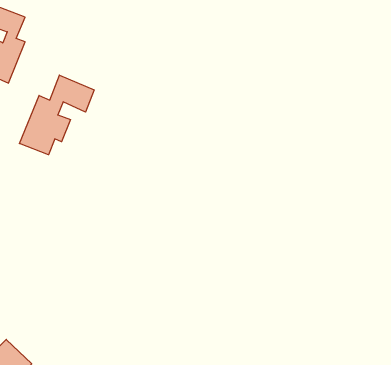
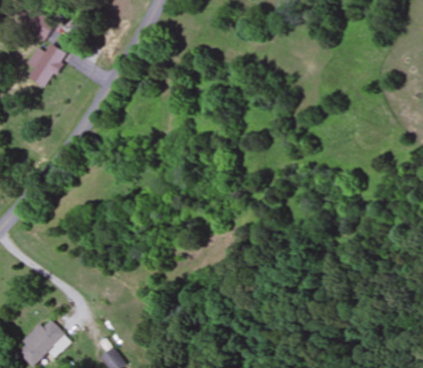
building: [19,75,94,155] -> none

